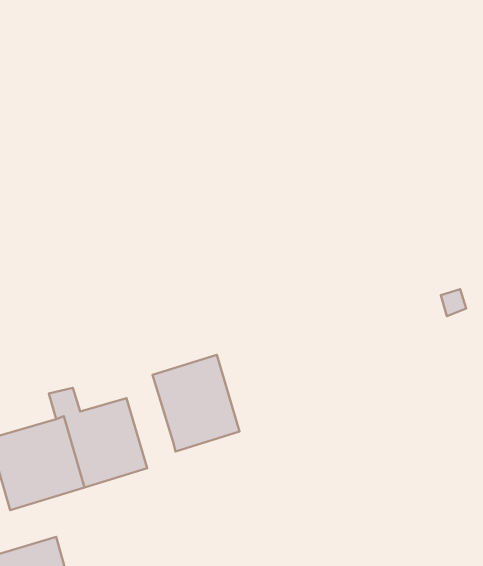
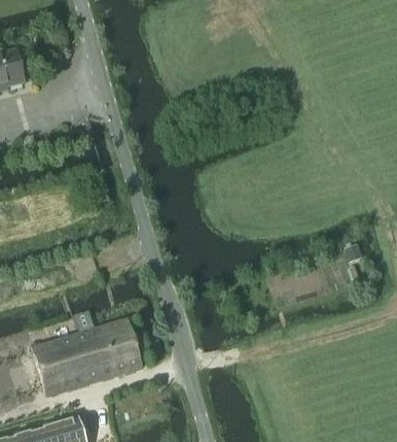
building: [153,355,240,451] -> none

